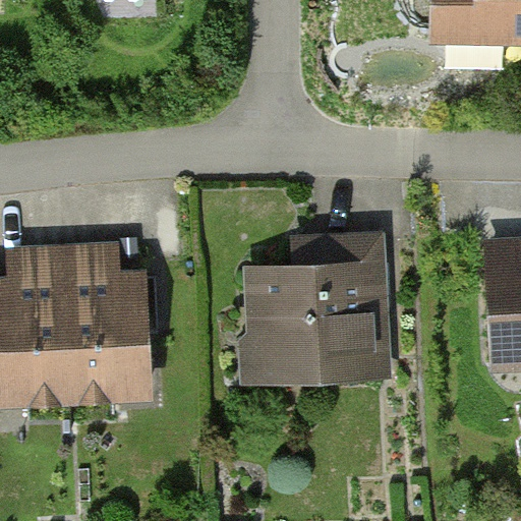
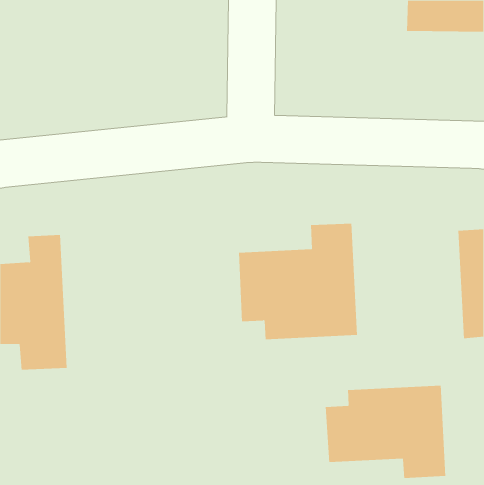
building: [65,249,147,395] -> none
building: none -> [325,385,446,479]

